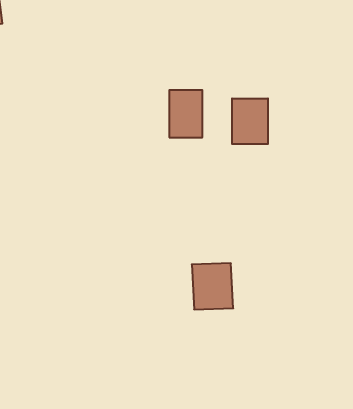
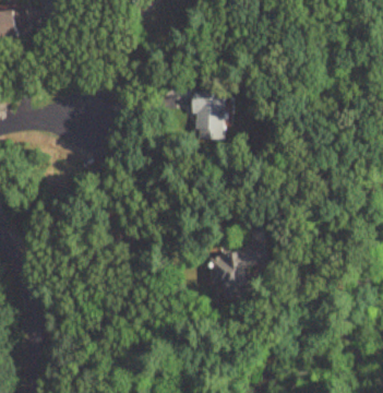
building: [232,98,268,144] -> none

